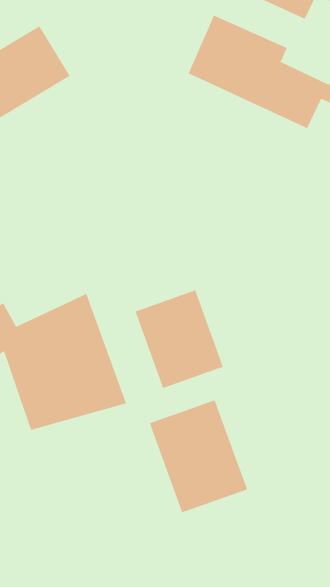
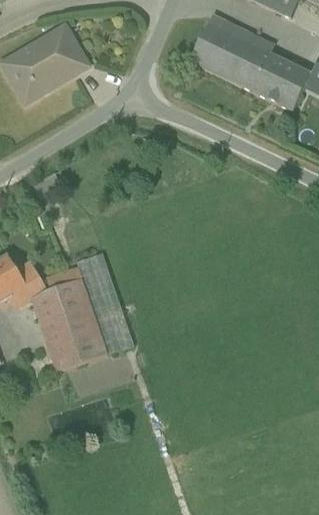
building: [135,290,224,389] -> none
building: [149,399,248,513] -> none

